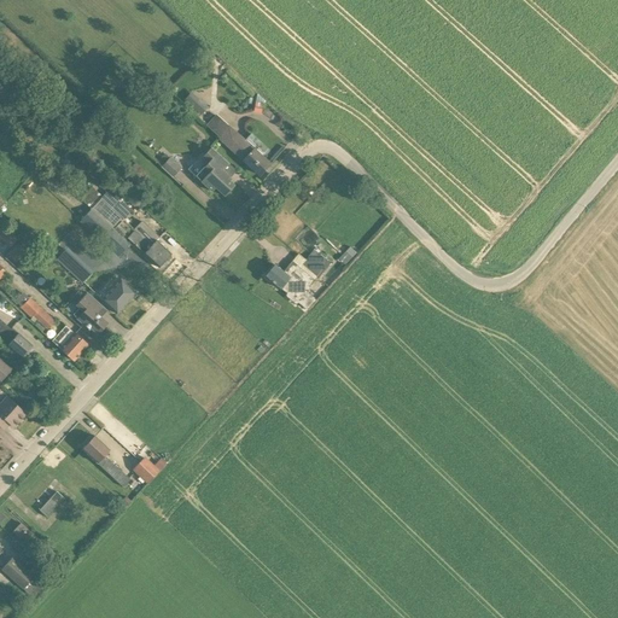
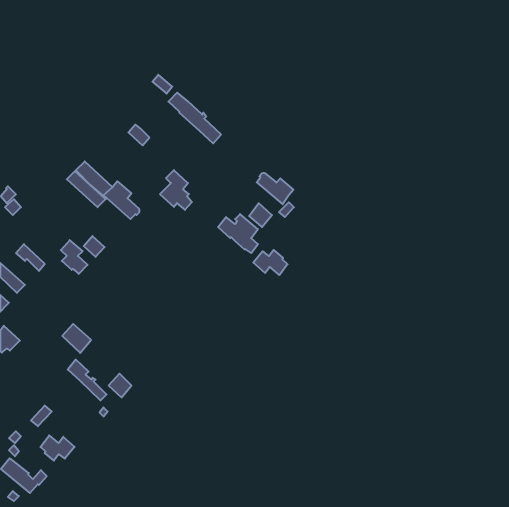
building: [194,146,233,194] -> [160,170,192,210]
building: none -> [257,173,293,204]
building: [58,231,103,281] -> none
building: none -> [253,250,288,275]
building: [52,325,87,360] -> [62,324,91,353]
building: none -> [40,435,75,461]

